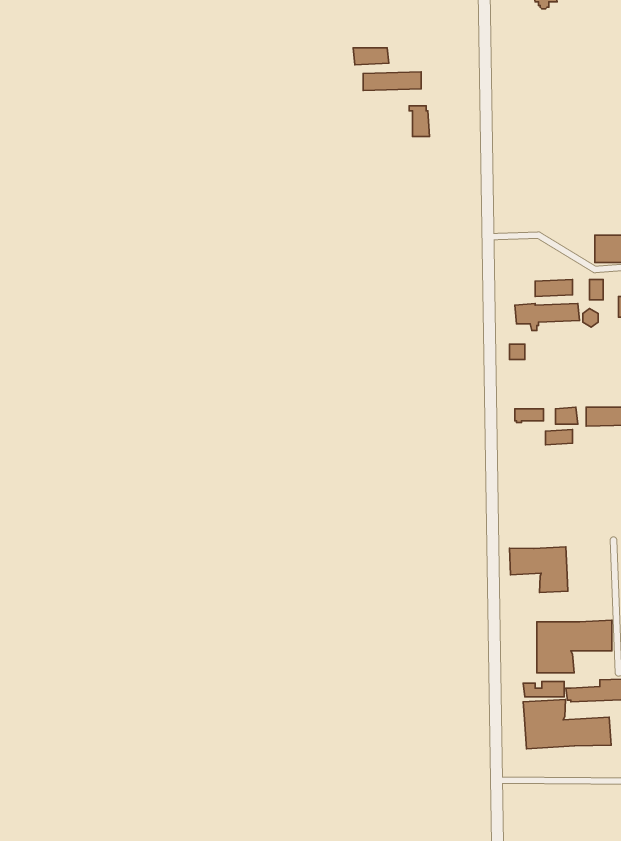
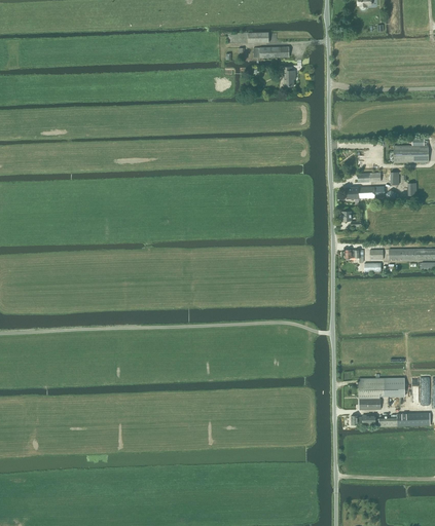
building: [509,547,568,593] -> none
building: [523,699,611,749] -> none

